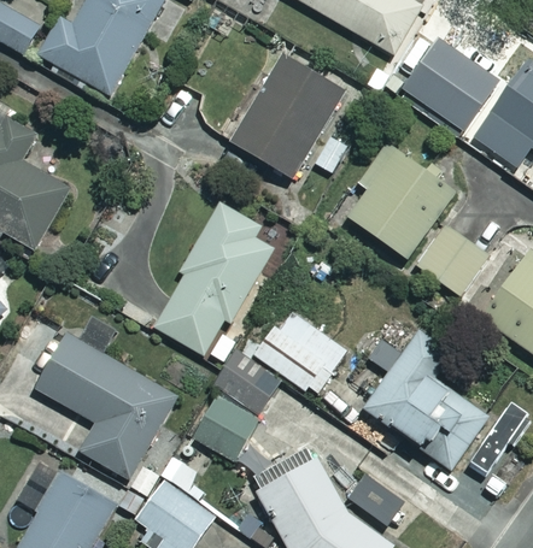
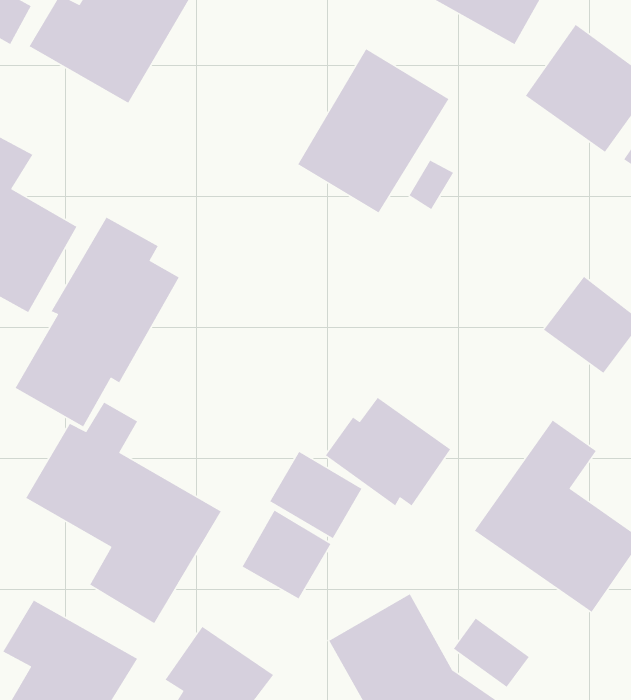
building: [347,142,451,255] -> none
building: [152,201,274,357] -> [15,216,180,428]

